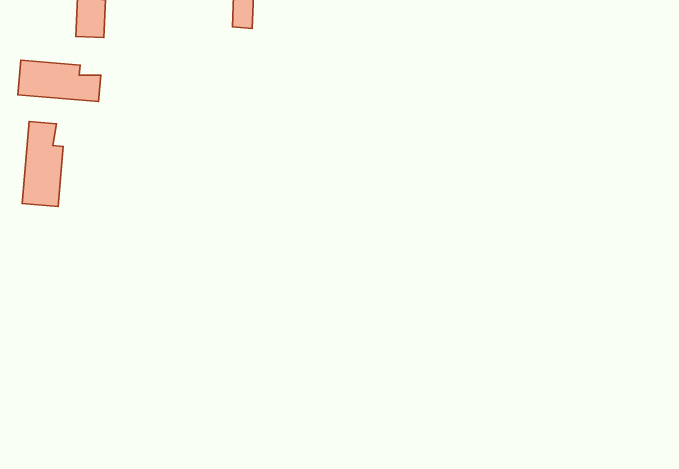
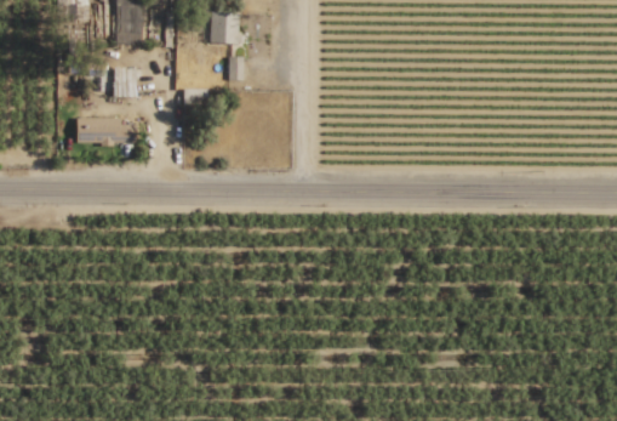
building: [22,122,63,206] -> none

